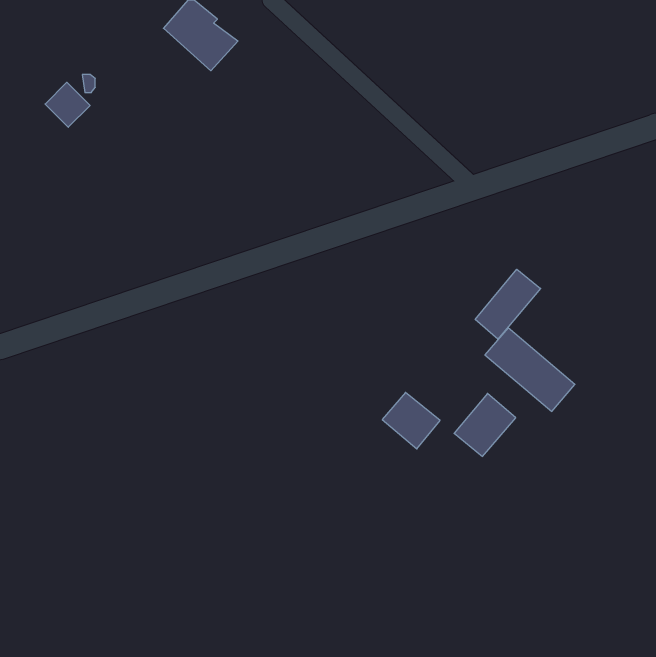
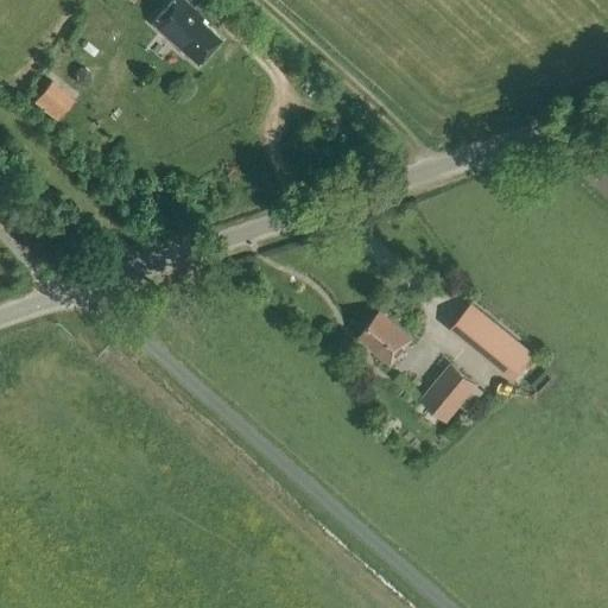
building: [475,269,541,339] -> none
building: [382,392,440,449] -> [359,312,412,365]

